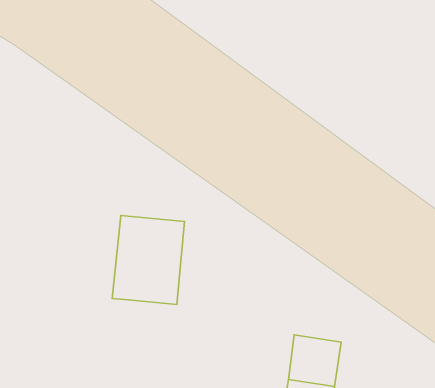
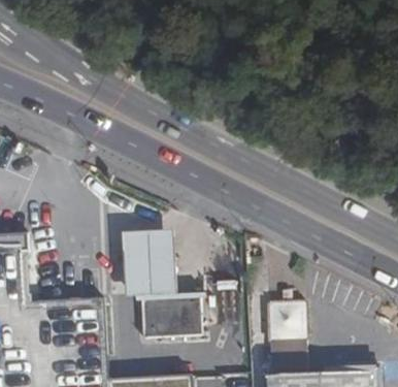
building: none -> [138,294,201,338]

